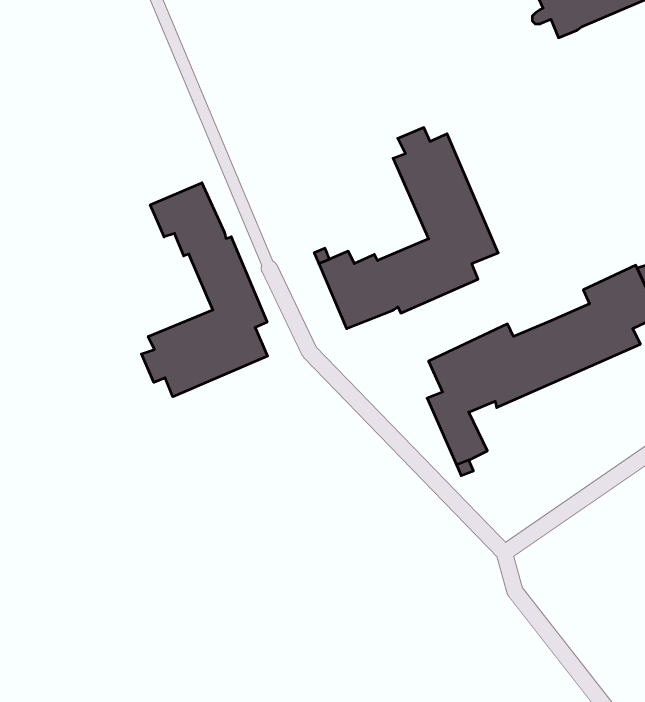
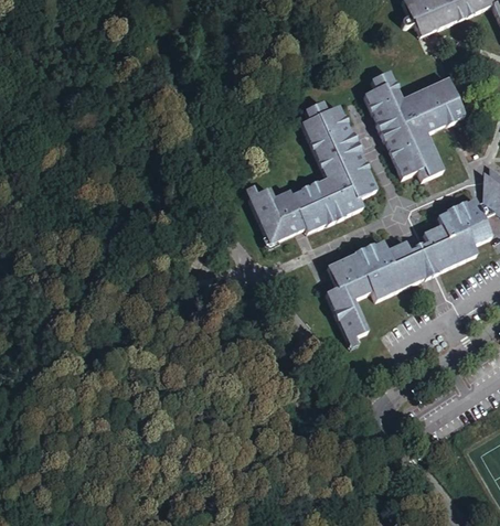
building: none -> [368,69,466,180]
building: [141,183,268,397] -> none

